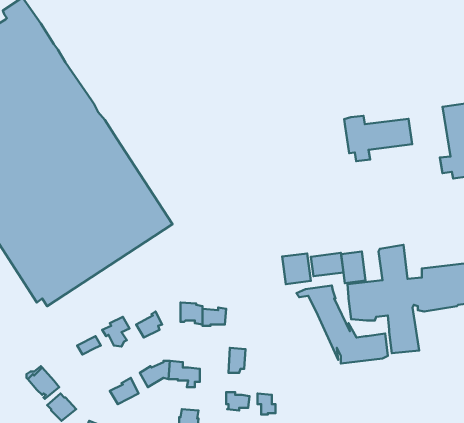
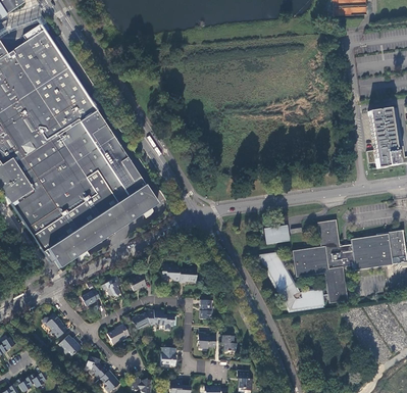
building: [344,116,412,161] -> none
building: [341,252,366,283] -> none
building: [282,253,311,284] -> none

